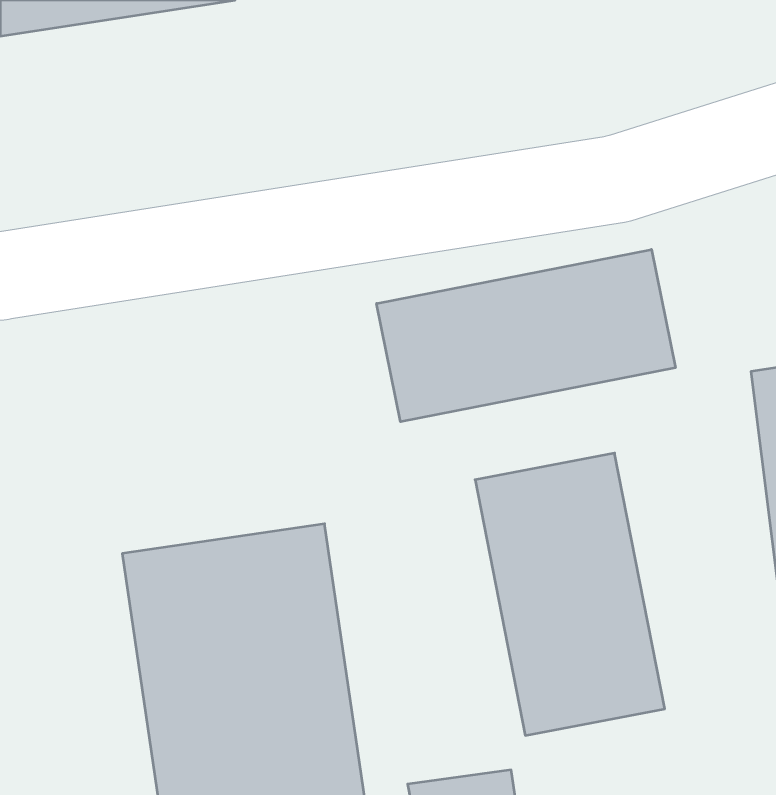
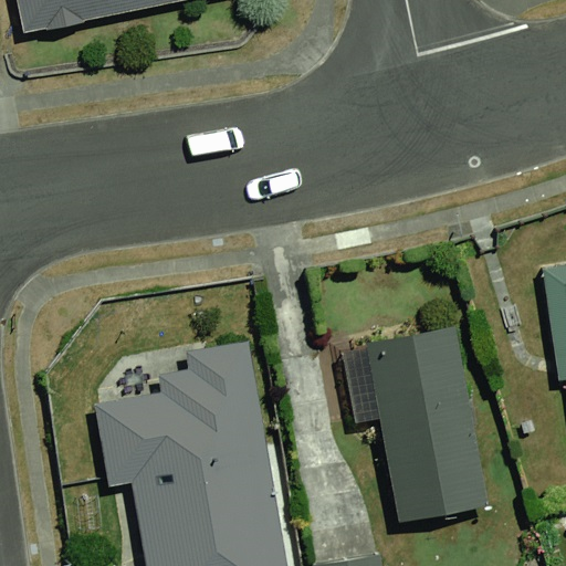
building: [377,249,675,422] -> none

